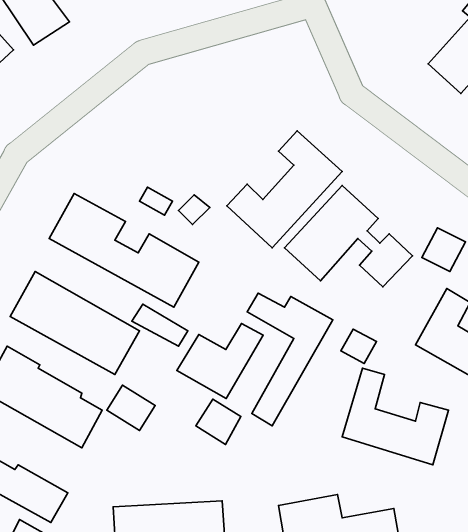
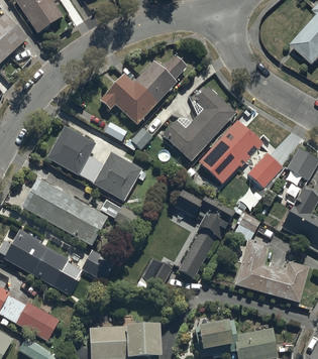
building: none -> [100,56,187,123]
building: [177,324,263,398] -> none

